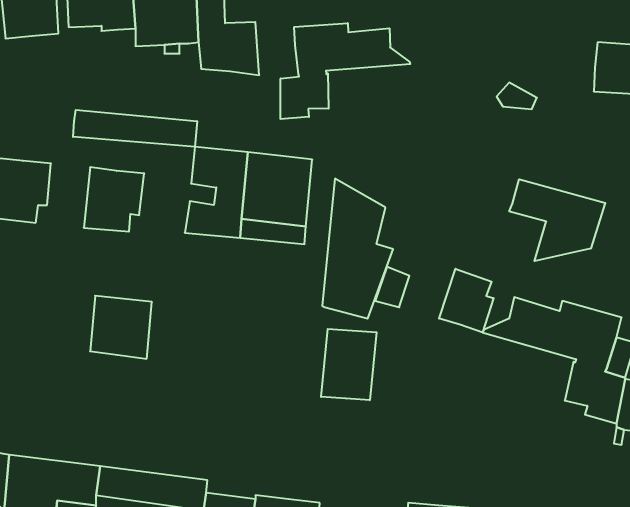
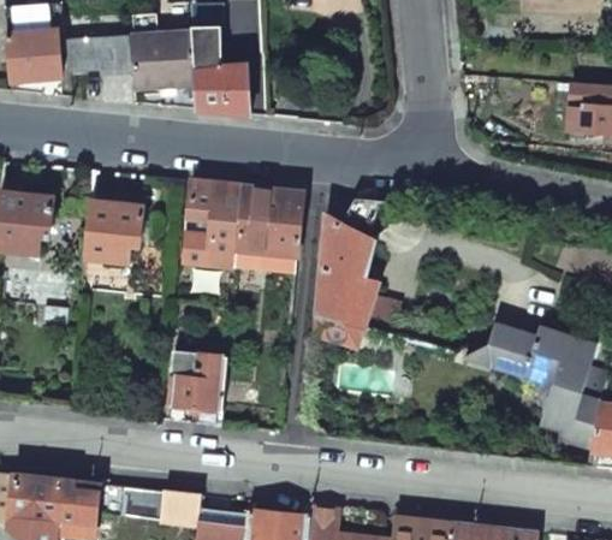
building: [280,23,410,119] -> none
building: [73,110,197,147] -> none
building: [509,179,605,261] -> none
building: [439,269,494,333] -> none
building: [90,296,152,359] -> [166,348,225,408]
building: [321,329,377,400] -> none

